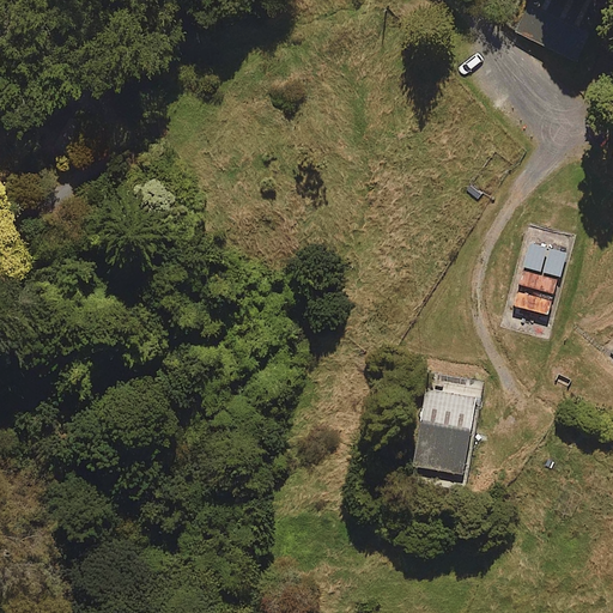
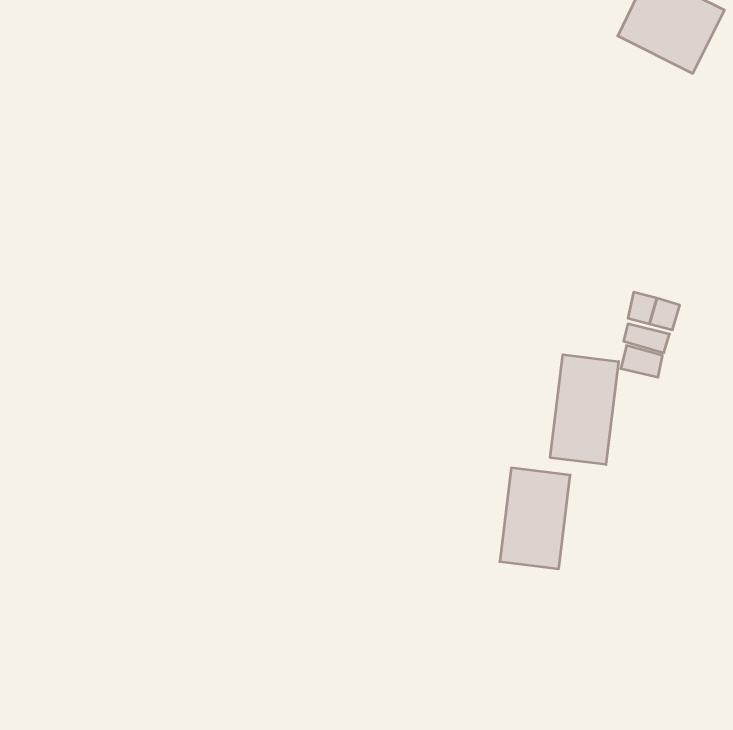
building: none -> [550,355,619,465]

